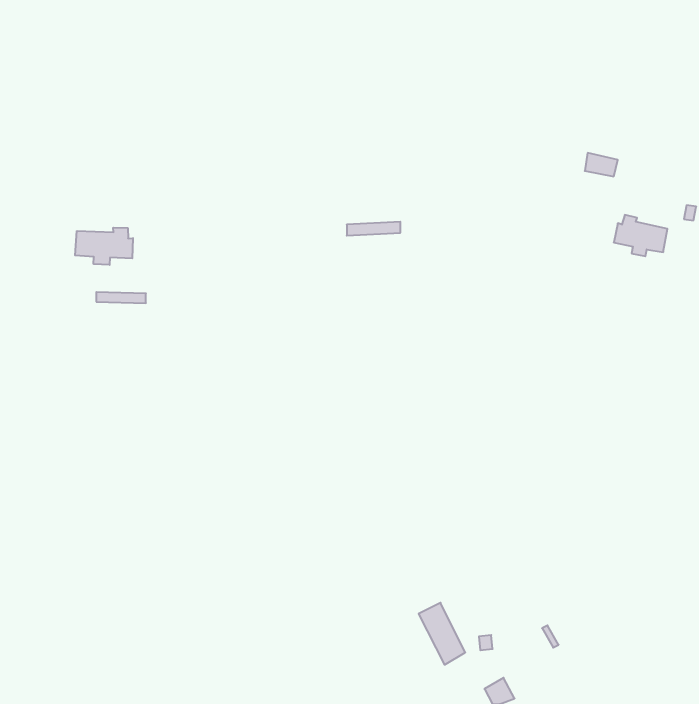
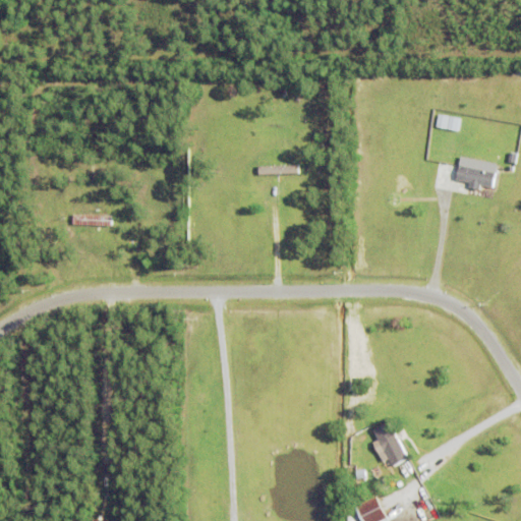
building: [75,228,133,265] -> none
building: [419,603,465,665] -> [371,421,406,467]

